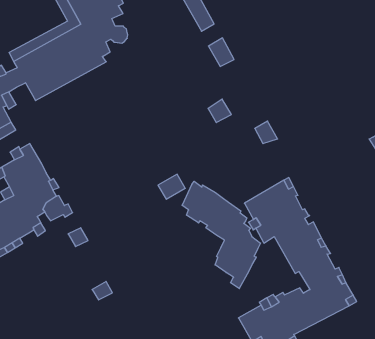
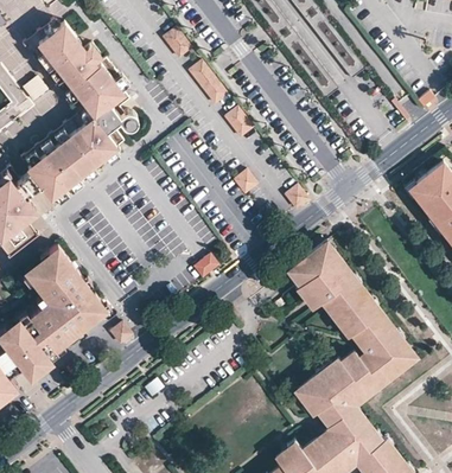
building: [182,181,261,289] -> none

